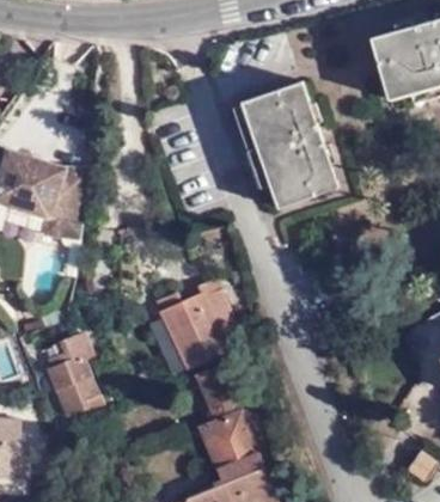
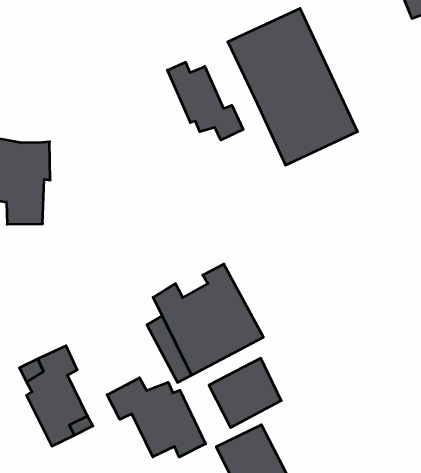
building: none -> [167,62,243,140]
building: none -> [107,378,206,457]

